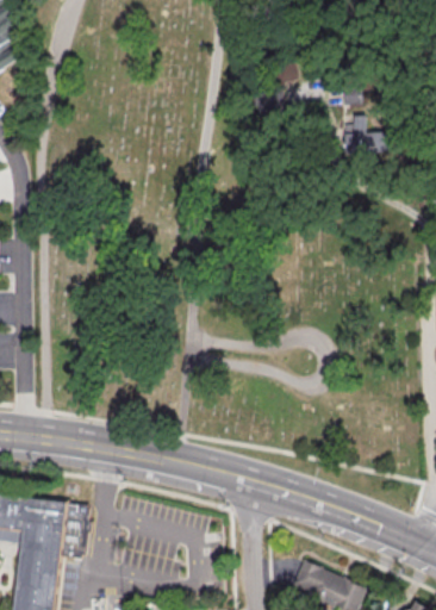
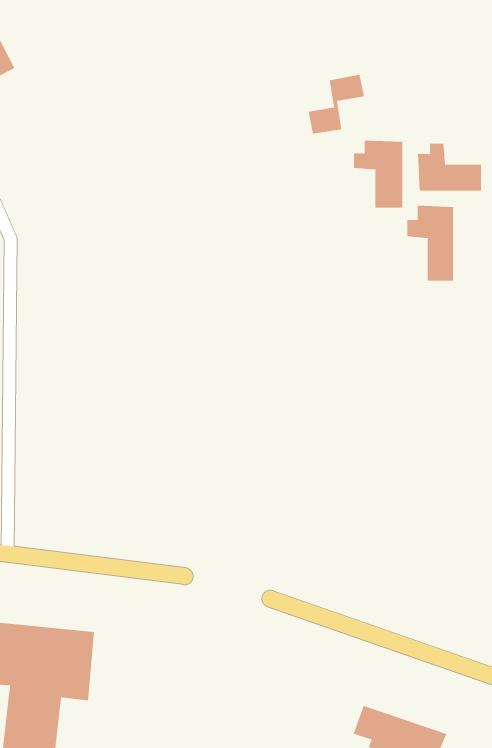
building: none -> [353,140,403,208]
building: none -> [407,205,453,281]

